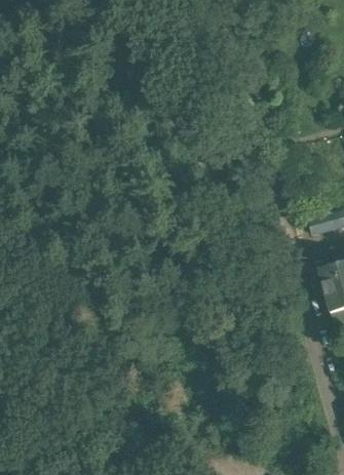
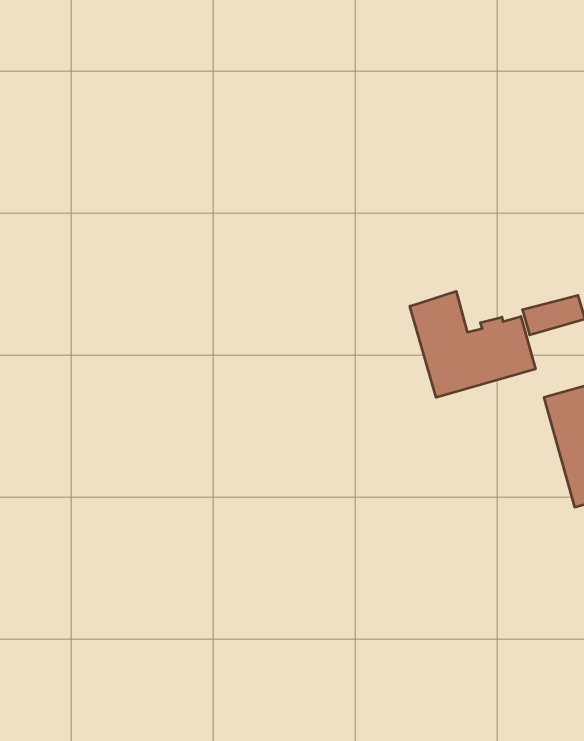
building: none -> [410,291,535,397]

